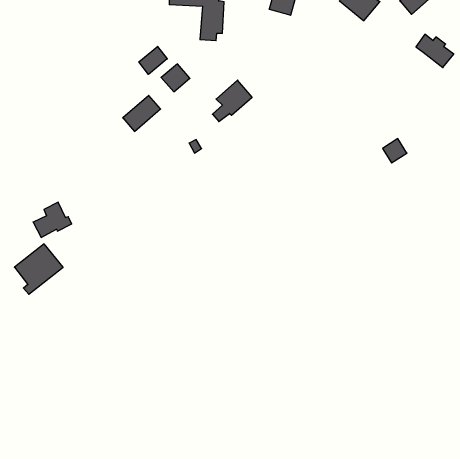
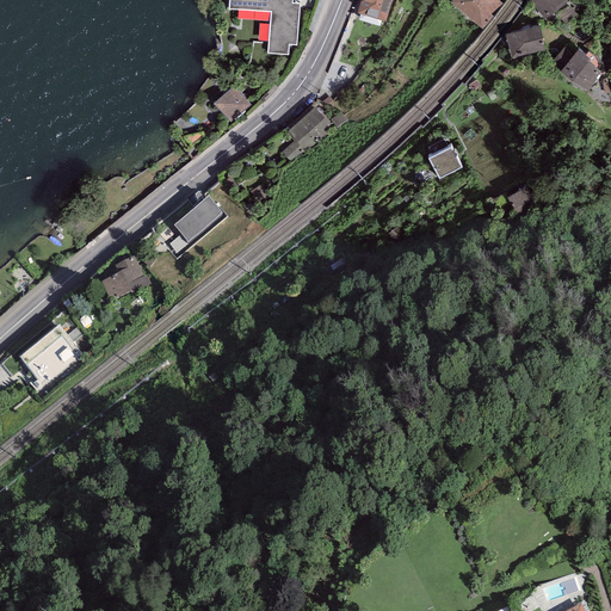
building: none -> [506,26,544,56]
building: [139,46,167,74] -> none
building: [123,95,161,131] -> [173,195,223,242]
building: none -> [428,147,462,178]
building: [33,202,72,237] -> [100,254,152,301]

